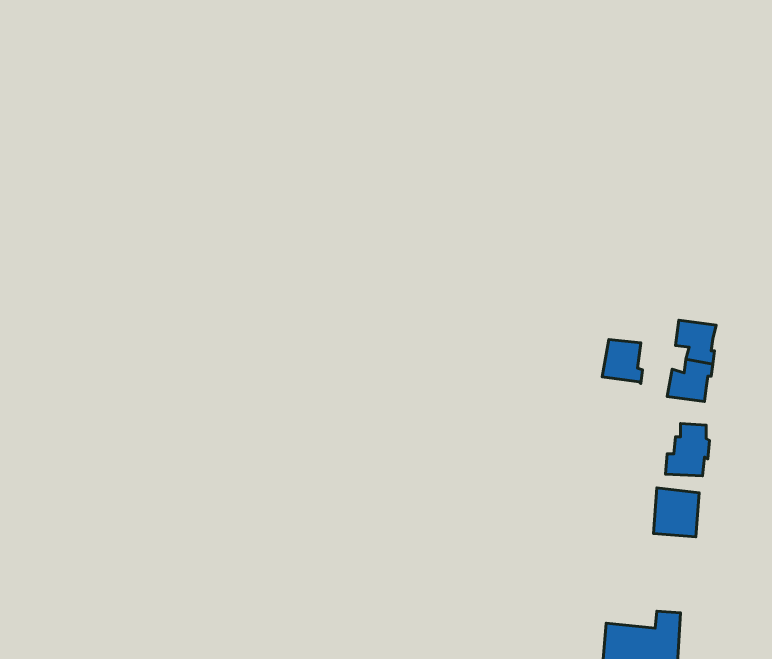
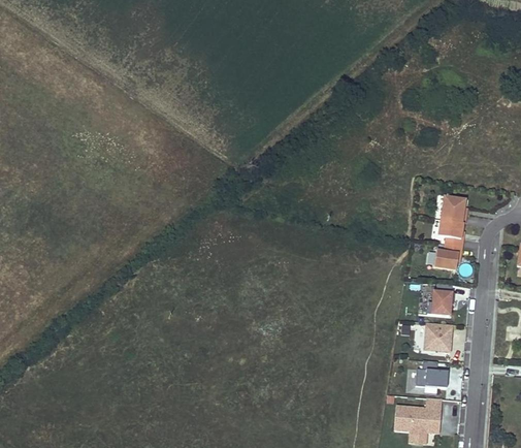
building: [602,340,643,384] -> [439,197,464,224]
building: none -> [417,360,450,389]

